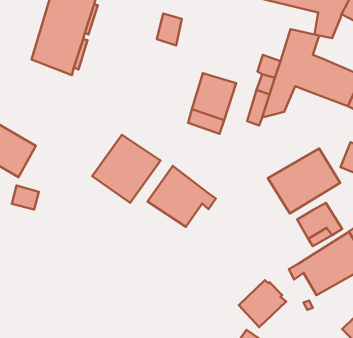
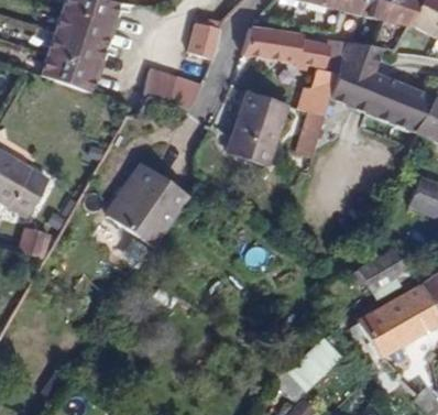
building: none -> [244,24,332,66]
building: none -> [146,68,205,108]
building: [268,148,340,214] -> none
building: [147,166,216,227] -> none

